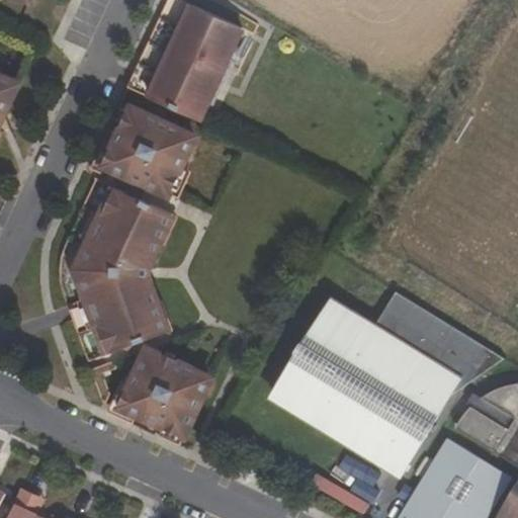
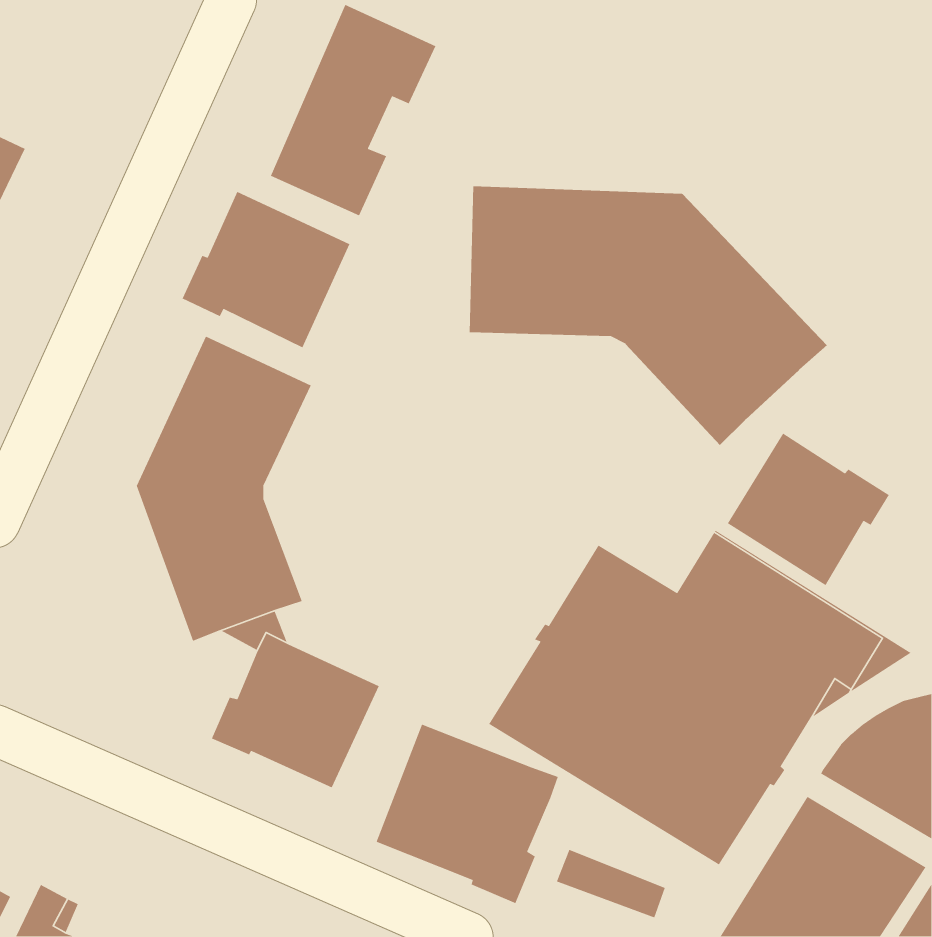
building: none -> [469,186,828,446]
building: none -> [727,433,890,586]
building: none -> [375,723,559,904]

